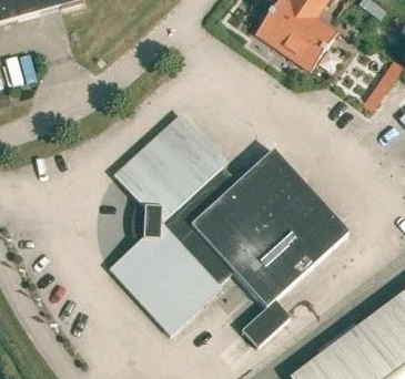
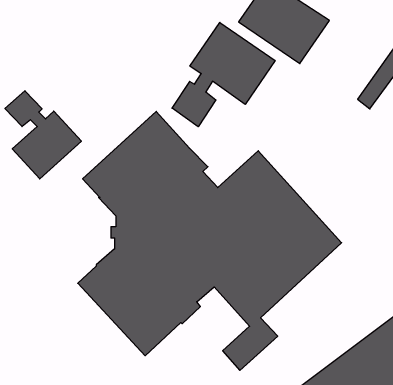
building: none -> [172,22,275,127]
building: none -> [5,91,81,179]

